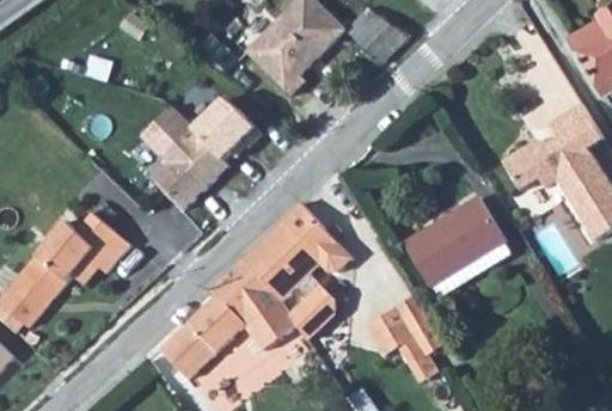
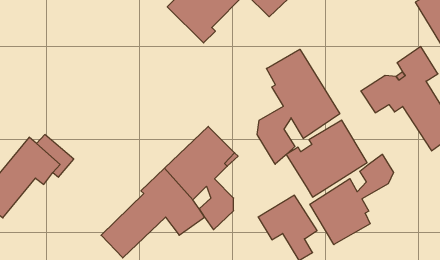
building: none -> [257,49,340,164]
building: [142,104,261,215] -> none
building: none -> [310,154,393,245]

